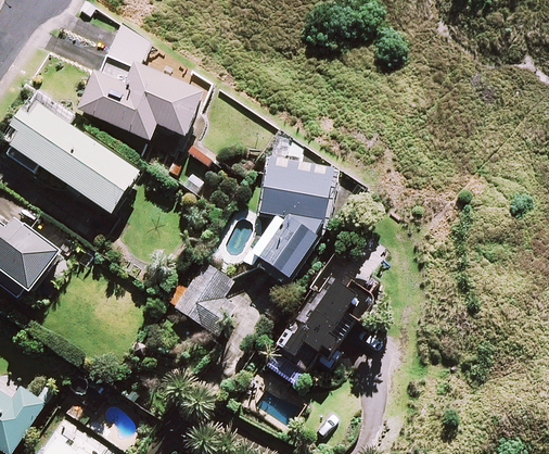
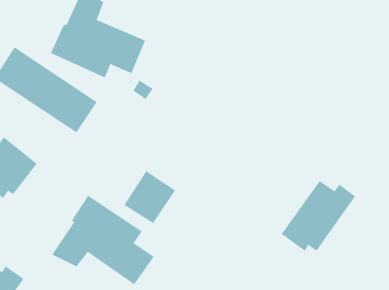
building: [246,155,336,285] -> none
building: [279,274,376,366] -> [281,181,356,251]
building: none -> [52,195,155,285]

